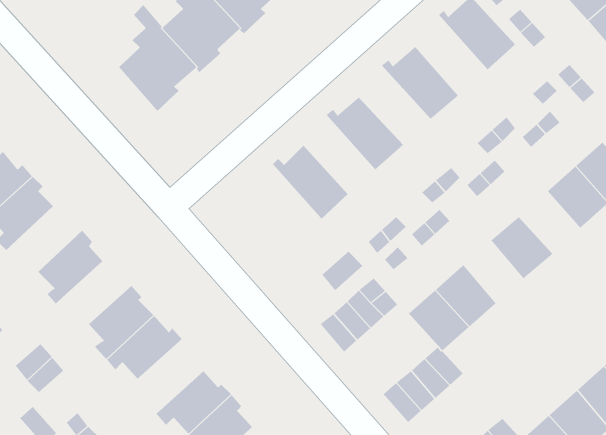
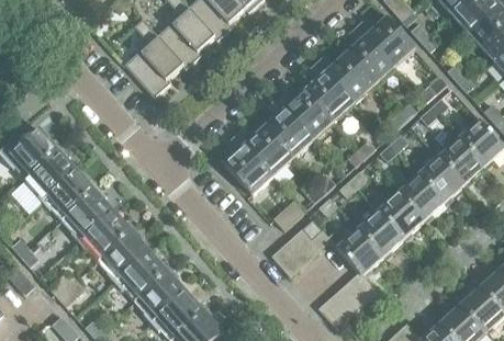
building: none -> [343,27,395,87]
building: none -> [301,65,354,123]
building: none -> [260,101,313,159]
building: none -> [220,137,273,195]
building: none -> [418,157,463,203]
building: none -> [42,168,98,216]
building: none -> [370,193,422,239]
building: none -> [78,208,134,254]
building: none -> [138,265,187,320]

